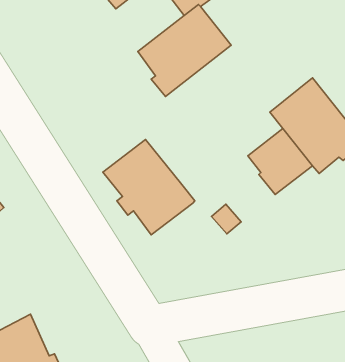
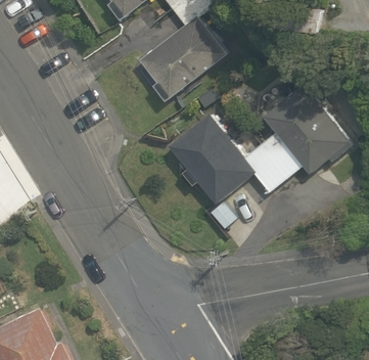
building: [103,139,195,235] -> [169,116,255,205]

